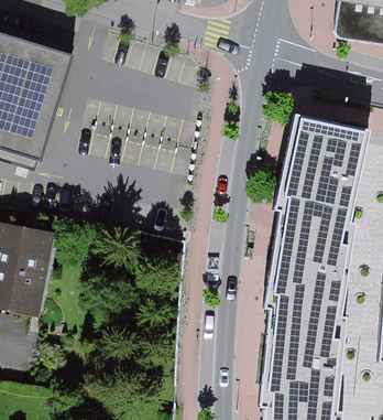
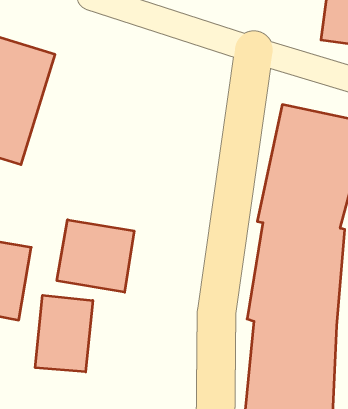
building: none -> [57,220,134,292]
building: none -> [35,295,93,372]

